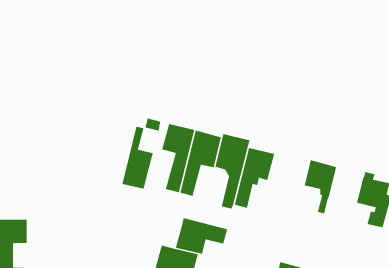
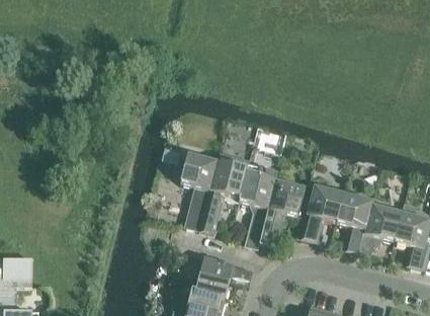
building: [121,126,154,190] -> none
building: none -> [299,185,343,242]
building: none -> [359,205,401,255]

